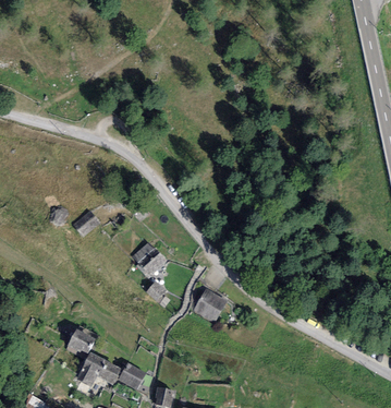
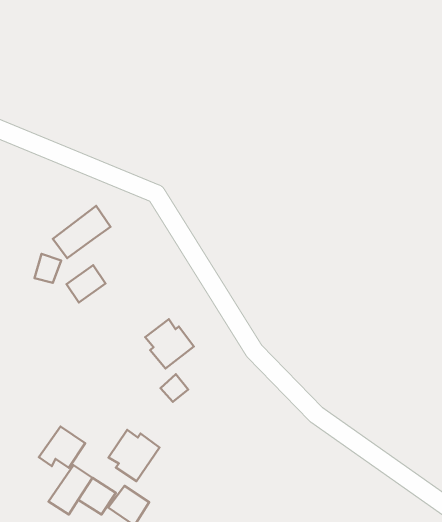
building: none -> [53,206,111,258]
building: [193,289,227,323] -> none
building: none -> [109,430,160,481]

